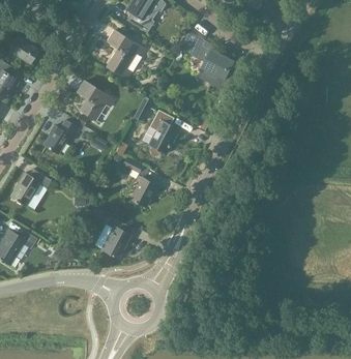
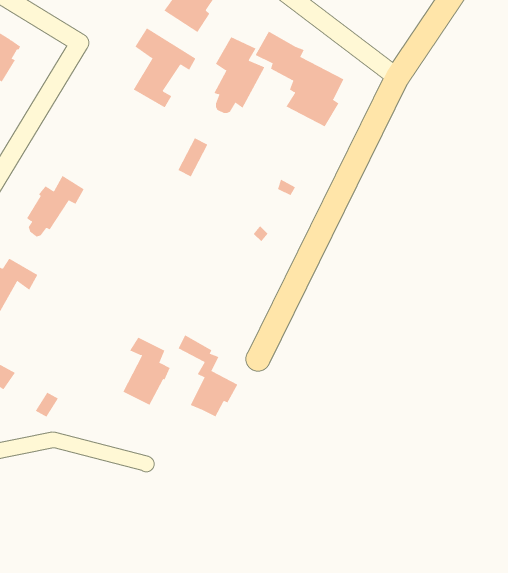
building: [77,80,114,119] -> none
building: [149,109,180,155] -> [213,36,265,114]
building: [123,155,159,205] -> [178,335,238,417]

